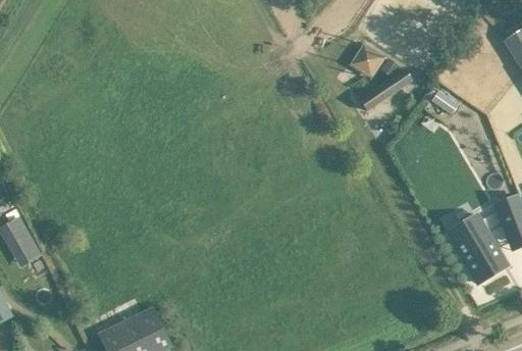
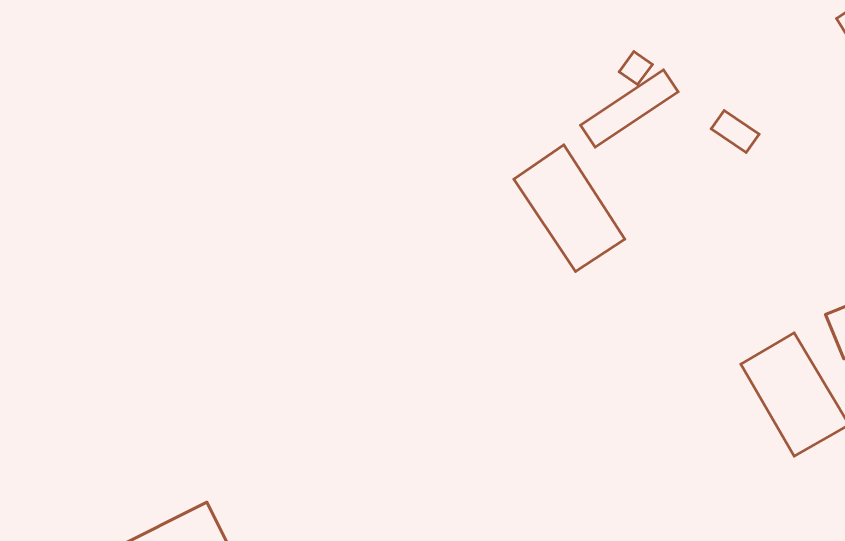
building: [351,44,386,80] -> none
building: none -> [514,145,625,272]

